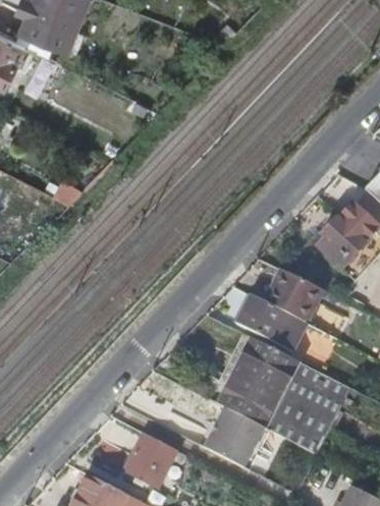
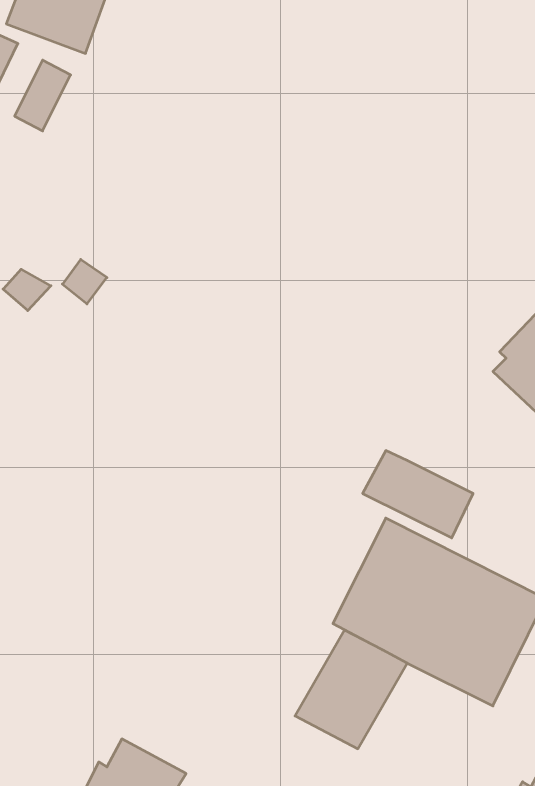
building: [265,270,322,322] -> none
building: [124,433,175,486] -> none

